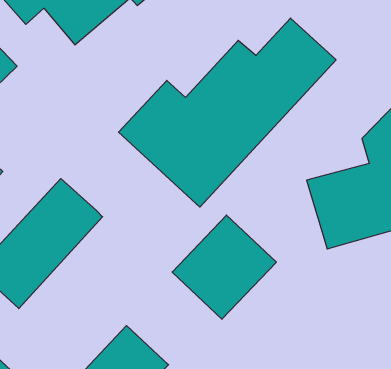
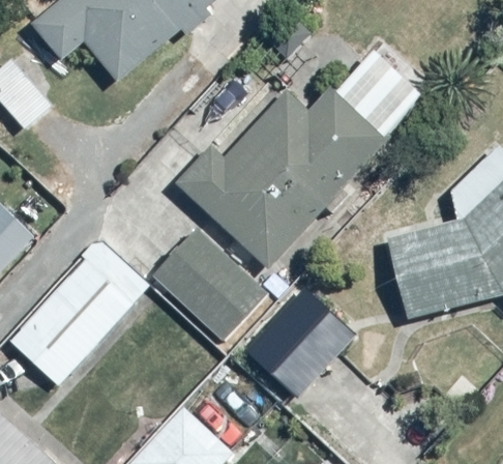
building: none -> [146,222,270,343]

